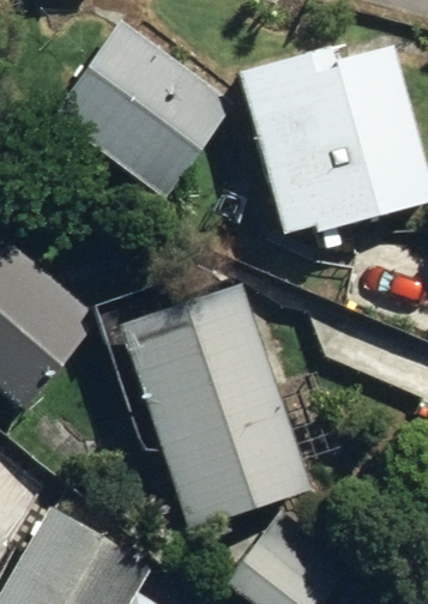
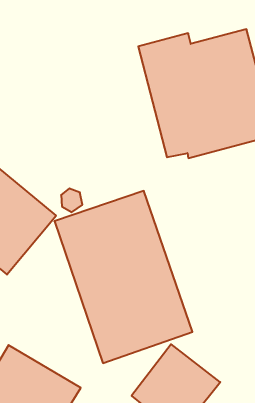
building: [47,18,234,201] -> none

